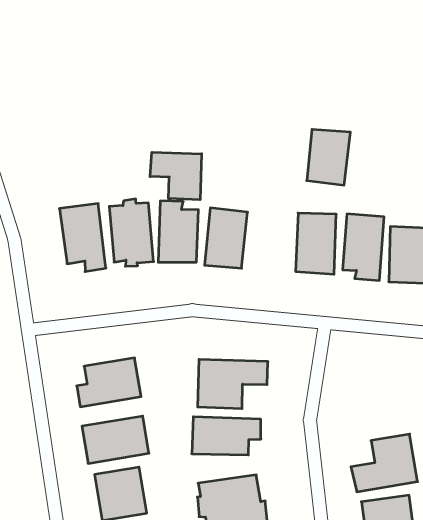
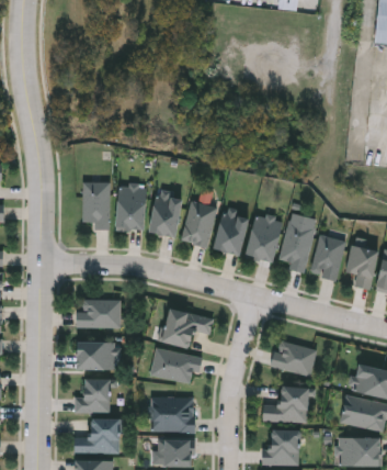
building: [307,129,350,185] -> [214,212,251,256]
building: [150,152,202,200] -> none
building: none -> [271,339,318,378]

